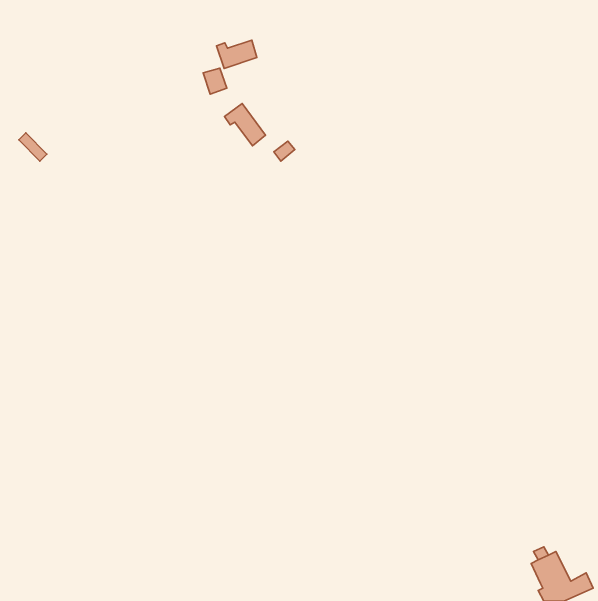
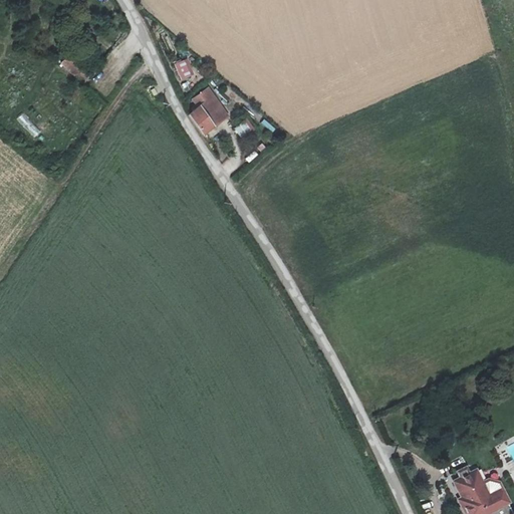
building: [217,40,257,69] -> none
building: none -> [189,104,218,135]

